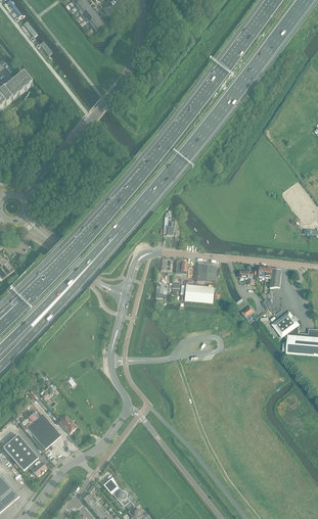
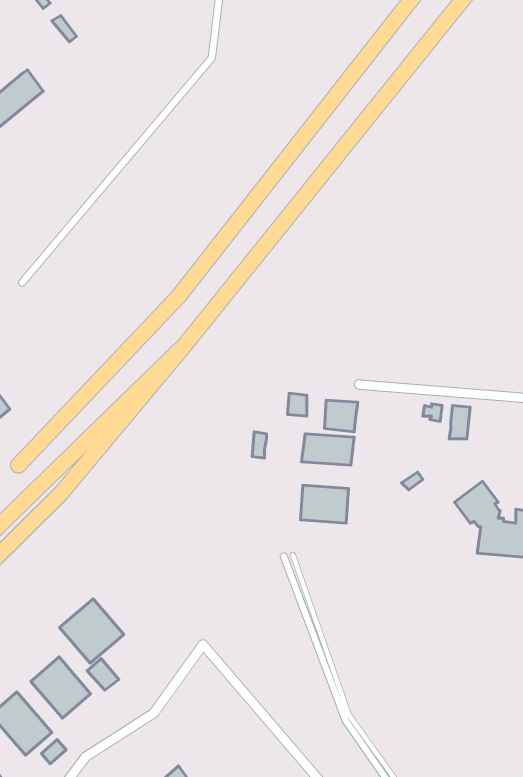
building: none -> [301,485,349,523]
building: none -> [60,599,124,663]

